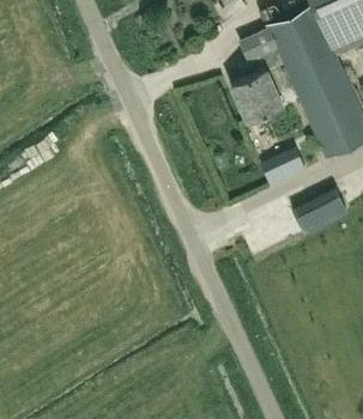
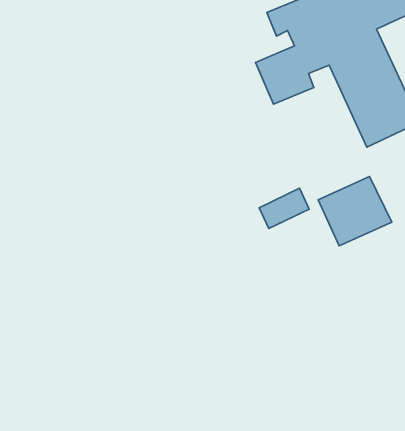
building: [262,148,305,183] -> [259,188,309,229]

